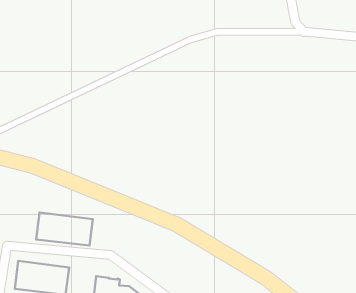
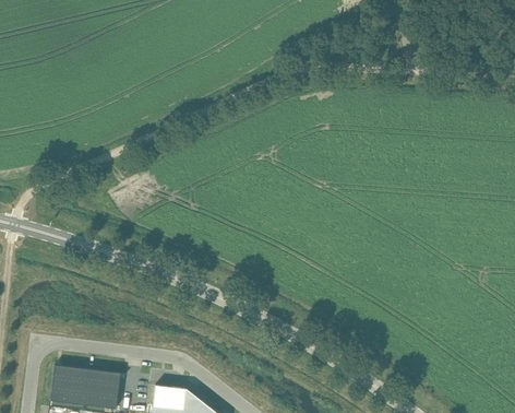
building: [36,213,93,245] -> none

